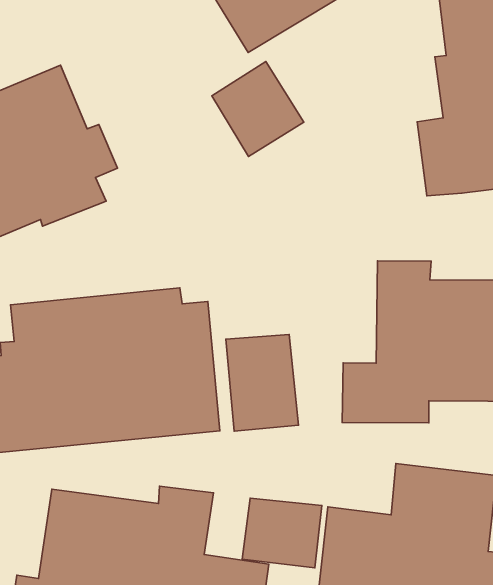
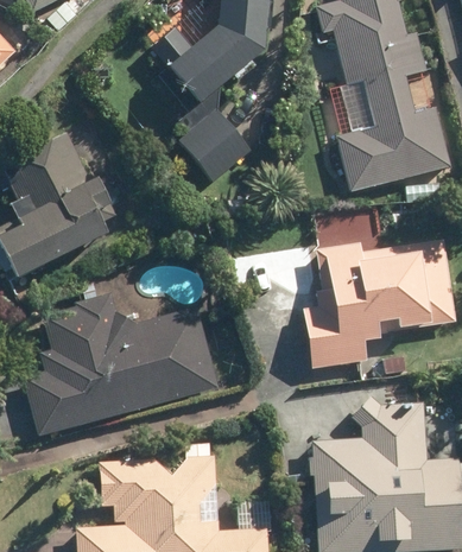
building: [226,334,299,431] -> none
building: [242,498,322,568] -> none

